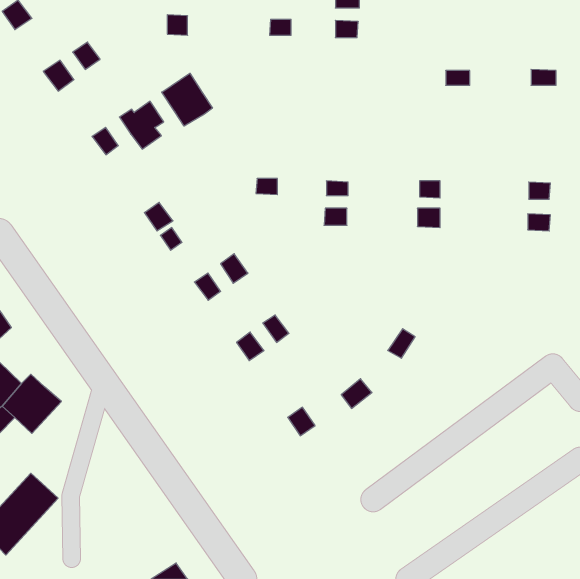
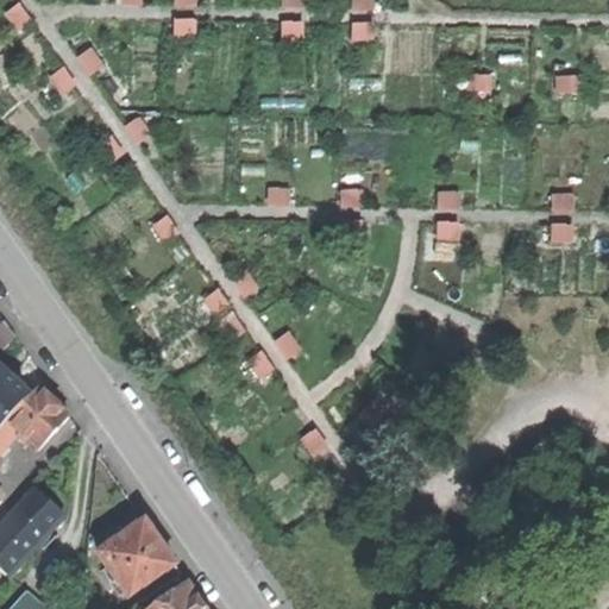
building: [162,73,212,126] -> none
building: none -> [94,527,170,601]

